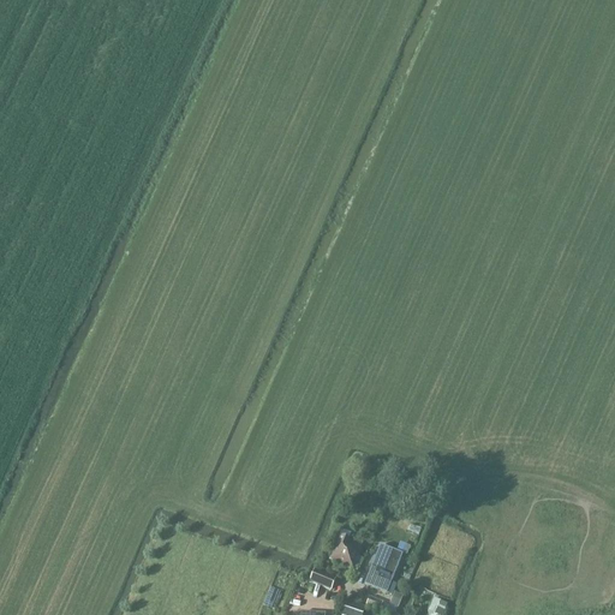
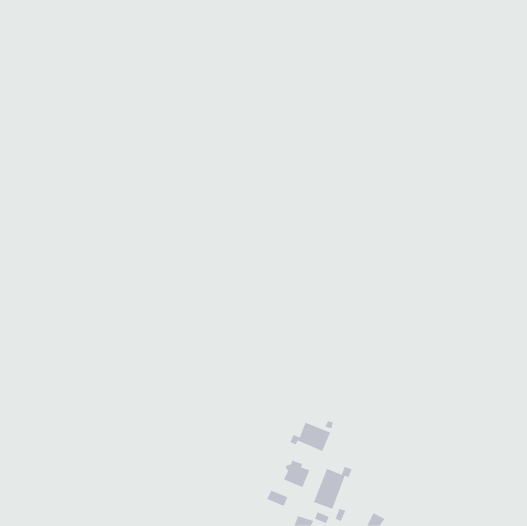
building: none -> [290,422,331,452]

